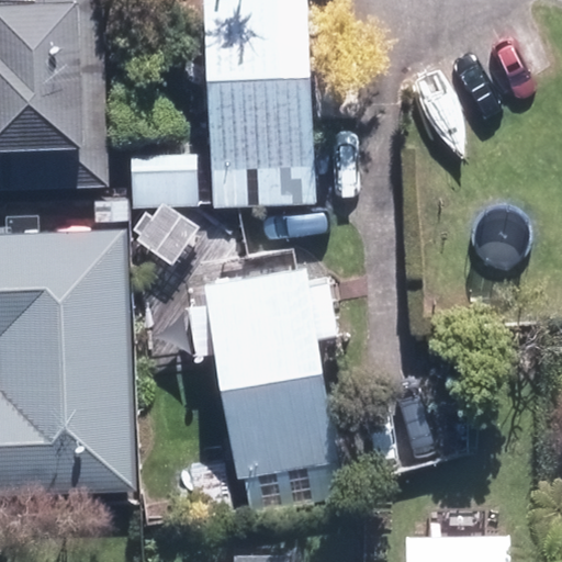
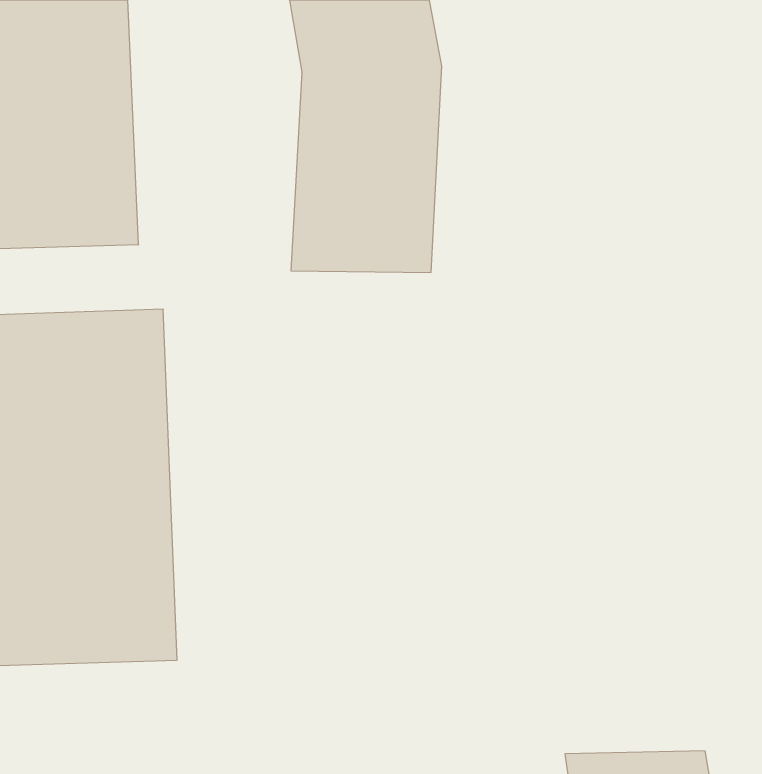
building: [199,265,330,472] -> none

